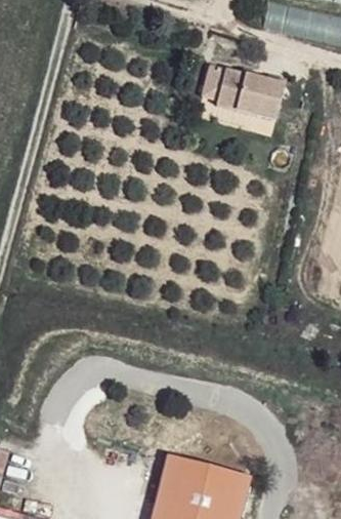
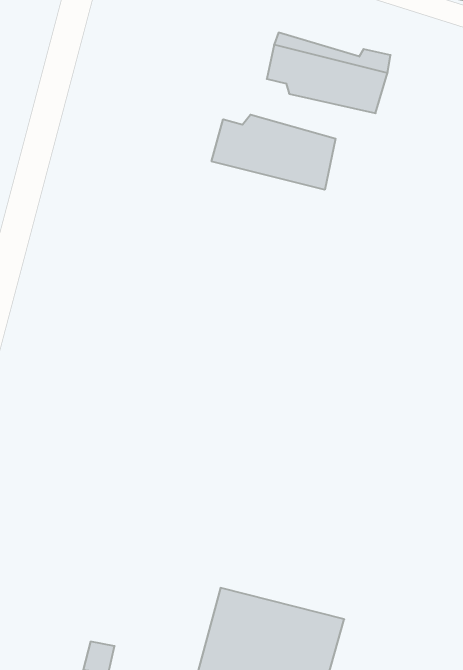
building: none -> [212,115,336,190]

